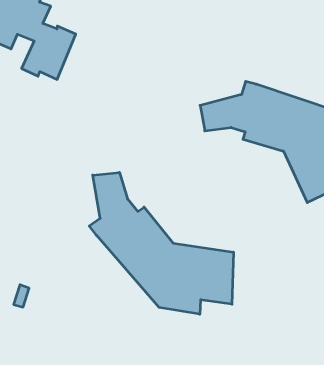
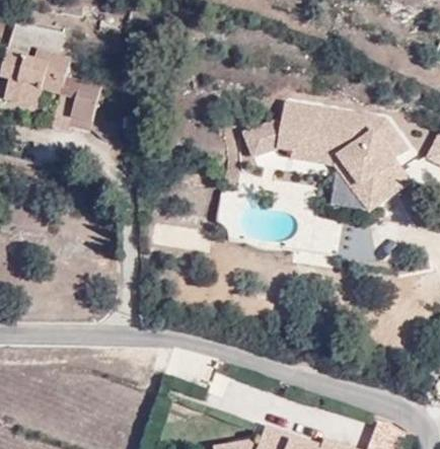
building: [89,172,233,314] -> none

